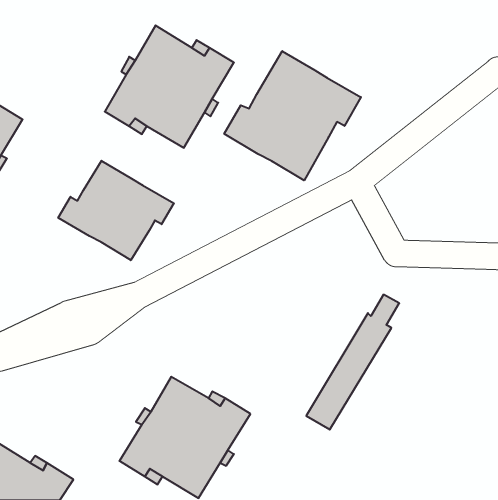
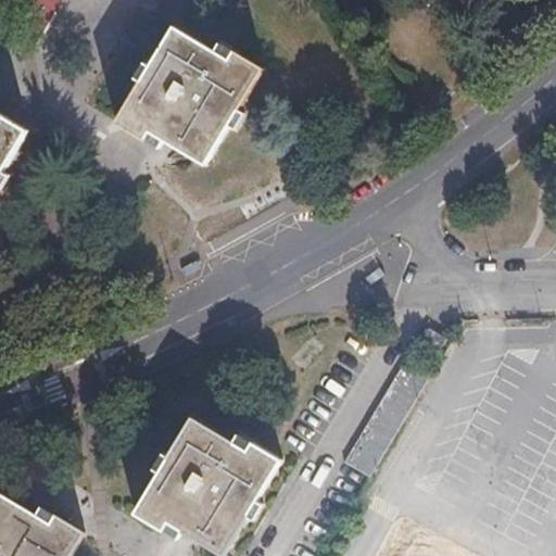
building: [224,51,361,180] -> none
building: [58,161,174,260] -> none

